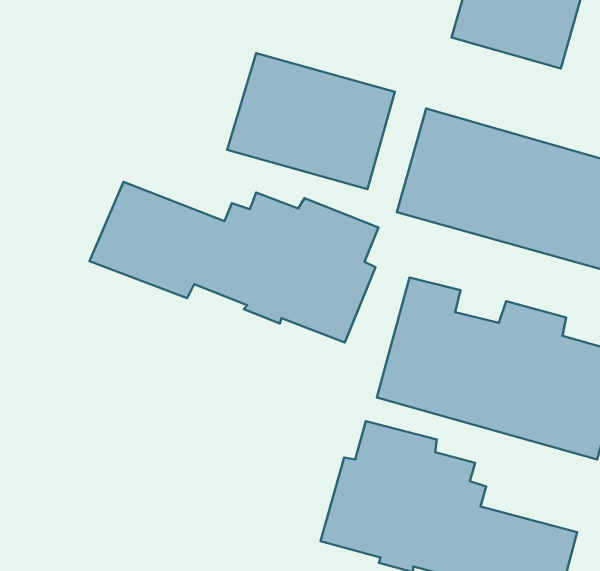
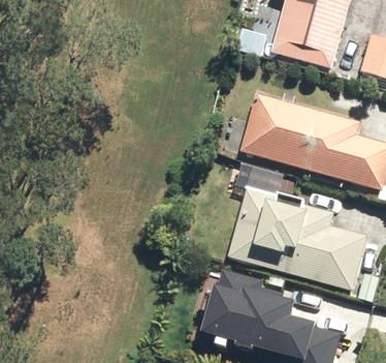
building: [227,53,395,189] -> none
building: [89,182,379,342] -> none

